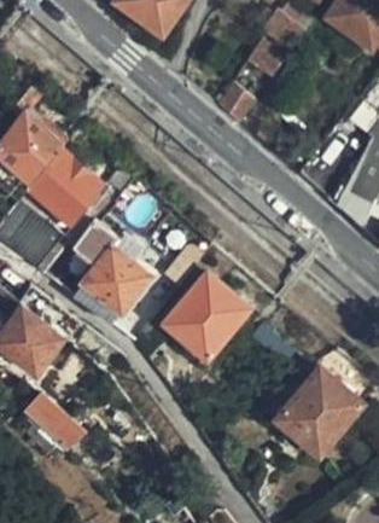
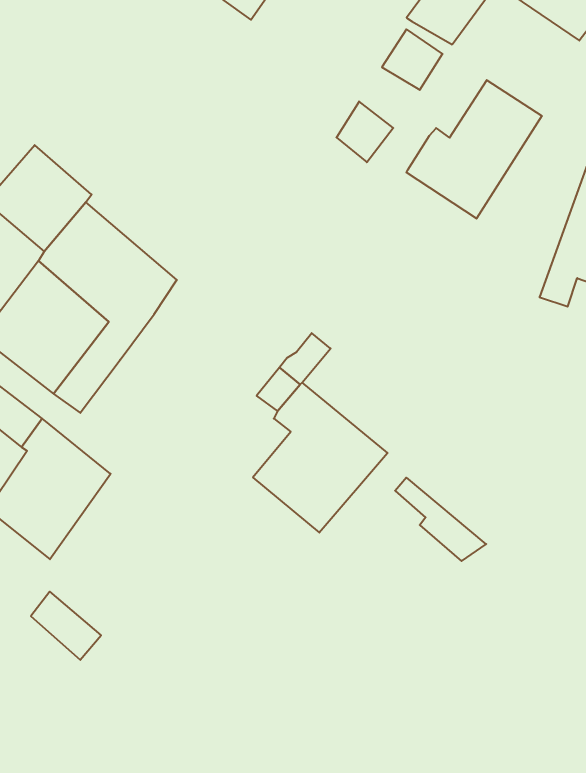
building: none -> [406,80,542,219]
building: [71,221,146,325] -> none
building: [275,370,362,457] -> none

